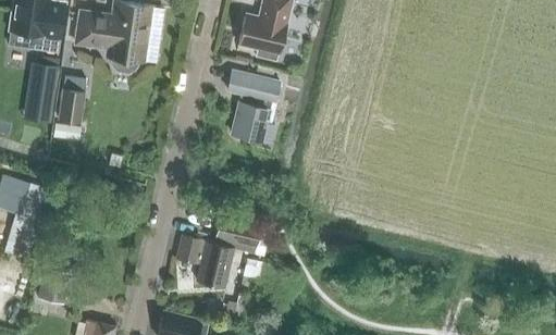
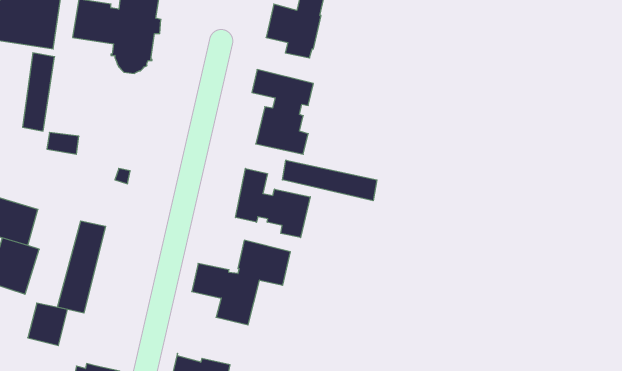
building: [58,89,84,123] -> none
building: none -> [282,160,377,201]
building: none -> [236,168,310,238]
building: none -> [58,221,106,313]

